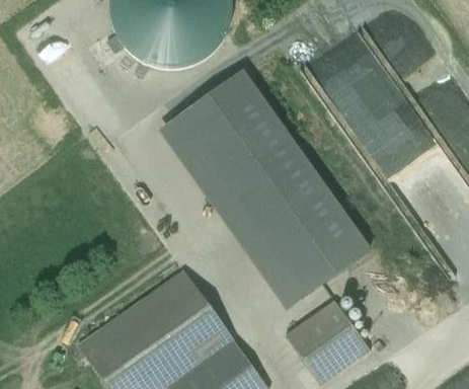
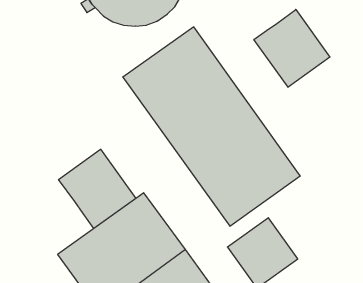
building: none -> [254,9,330,87]
building: none -> [59,149,136,228]

